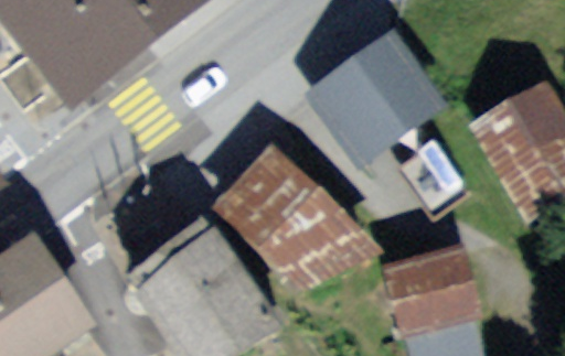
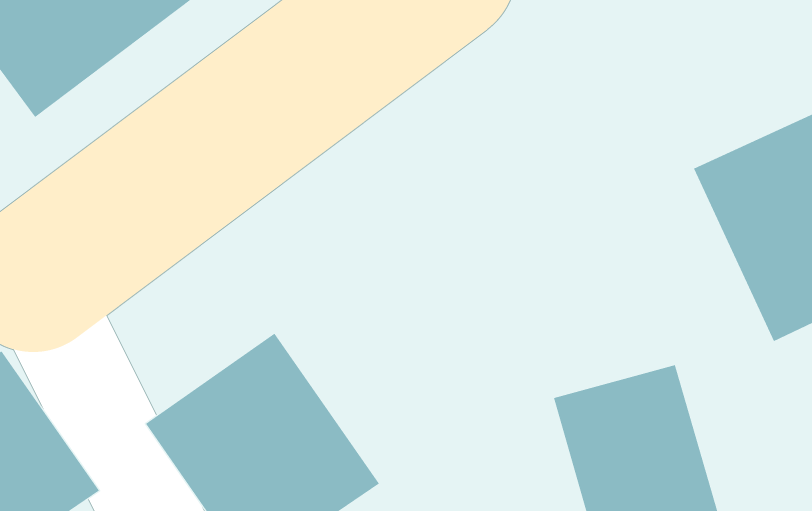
building: [307,31,449,170] -> none
building: [213,145,341,276] -> none

